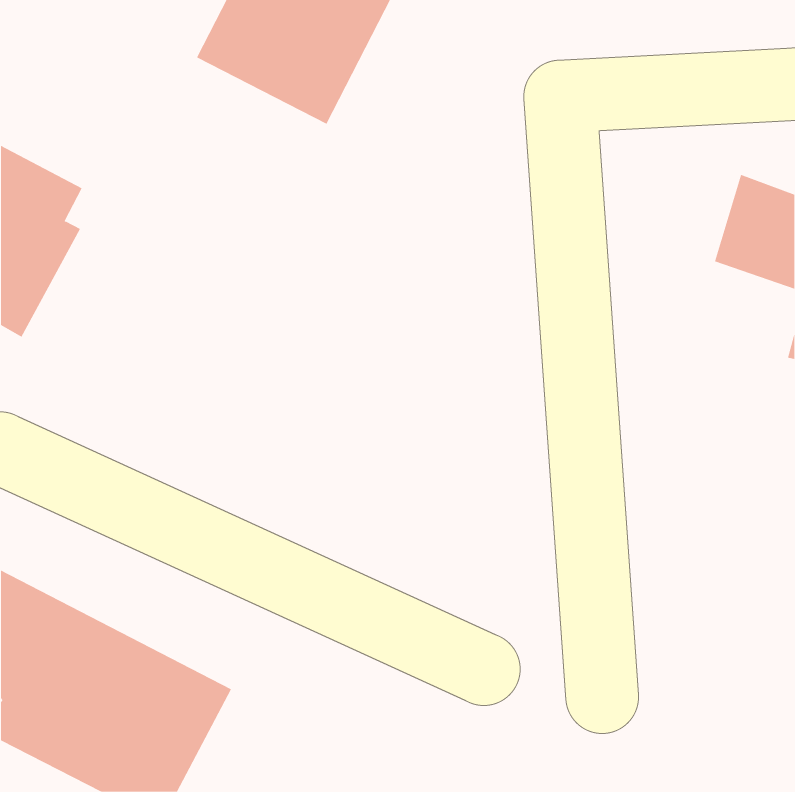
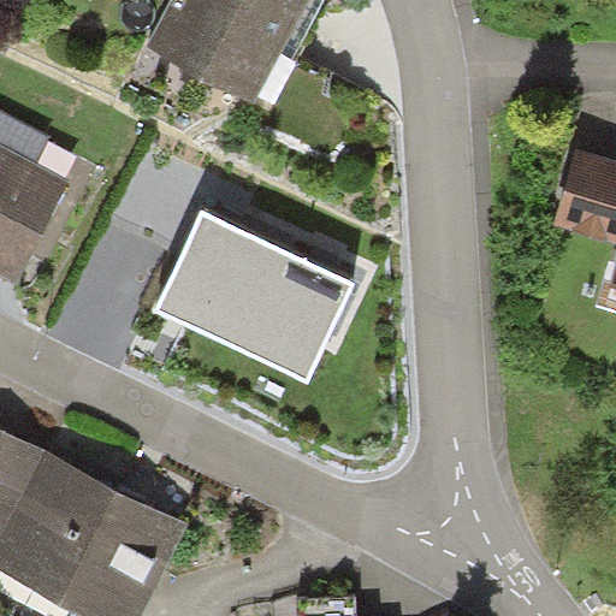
building: none -> [164,223,346,378]

